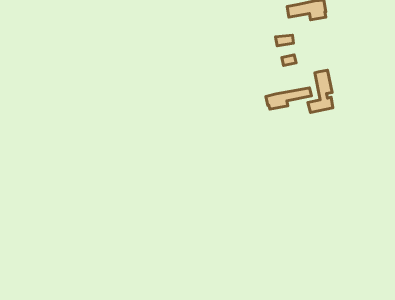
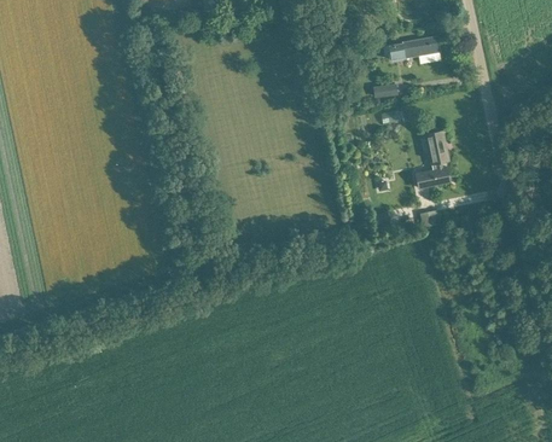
building: [266,88,311,109] -> none

